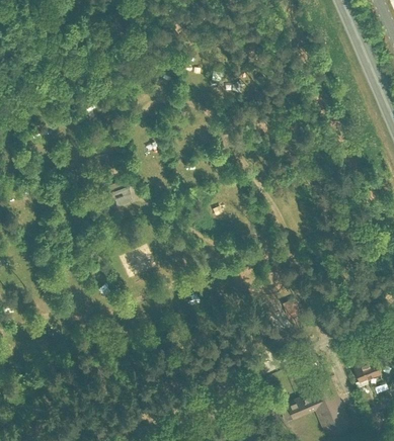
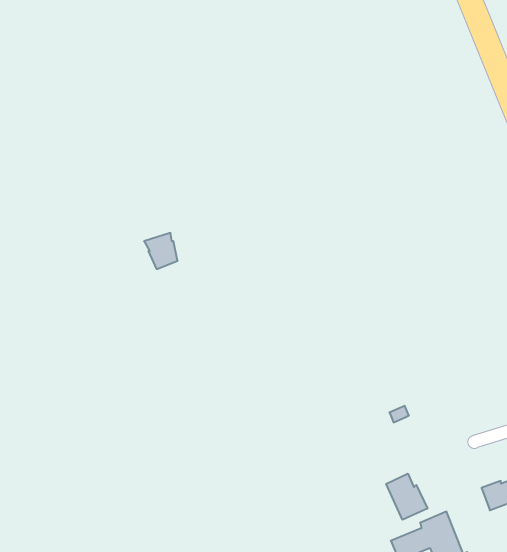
building: none -> [386,474,427,520]

